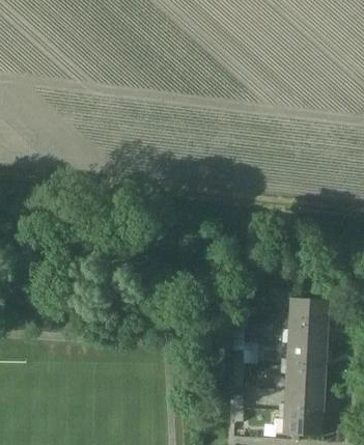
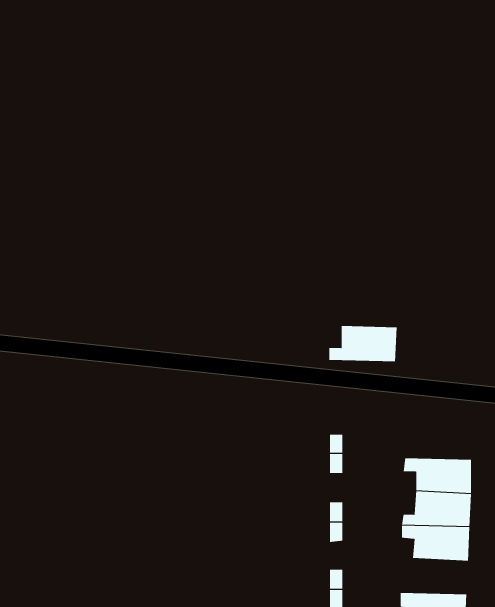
building: [282,299,328,323] -> [328,326,397,362]
building: [279,388,325,412] -> none

